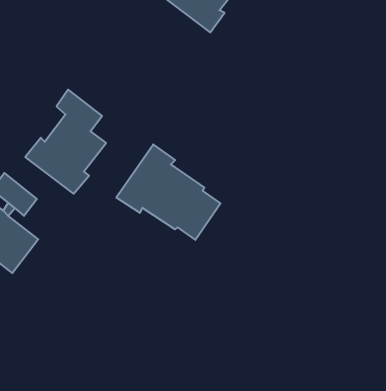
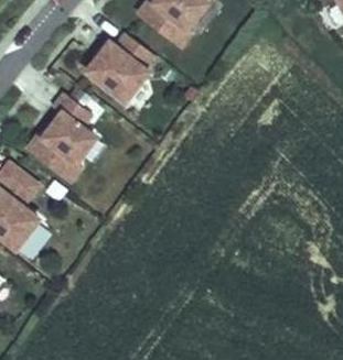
building: none -> [88,29,154,97]
building: [116,144,220,240] -> none

